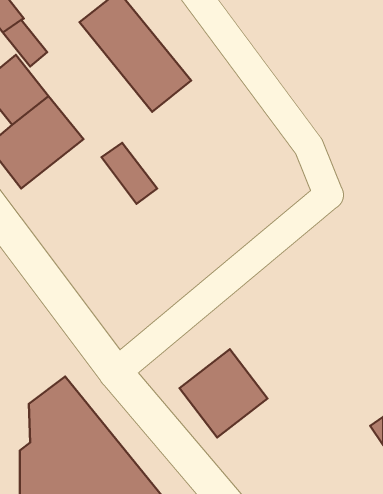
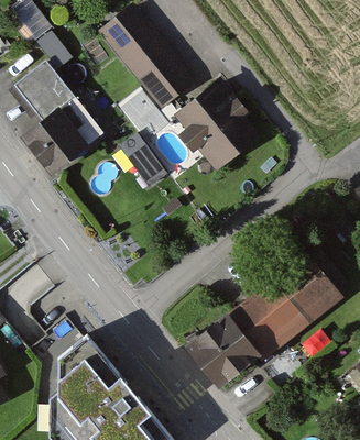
building: none -> [168,75,257,167]
building: none -> [227,250,342,359]

